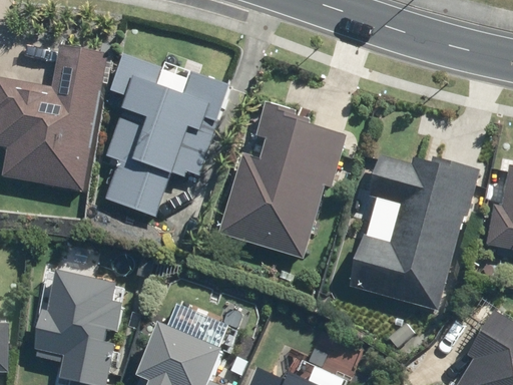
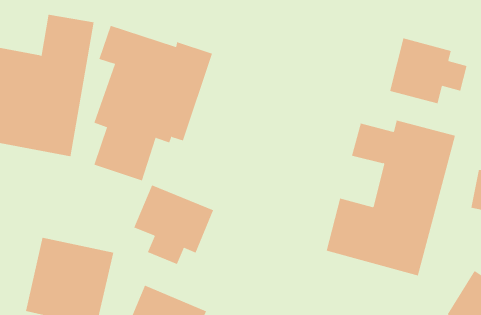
building: none -> [389,38,467,104]
building: [227,98,351,255] -> none
building: none -> [134,184,214,265]

